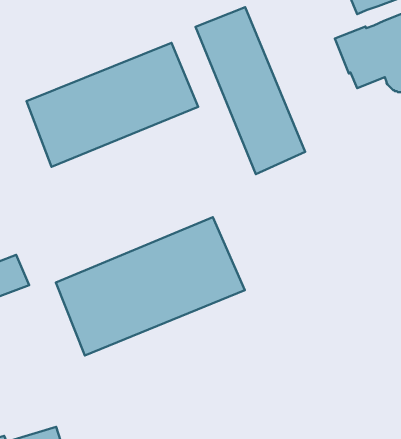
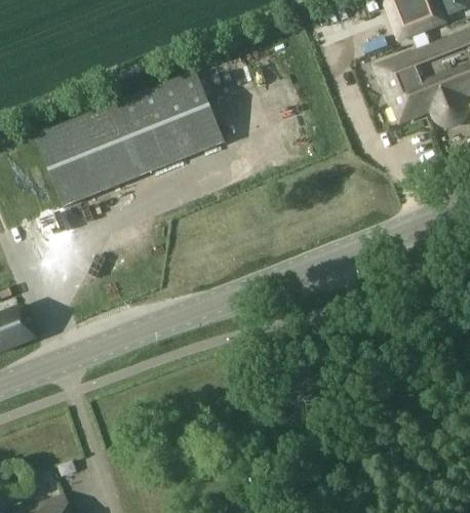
building: [196,7,305,174] -> none
building: [56,217,245,355] -> none

